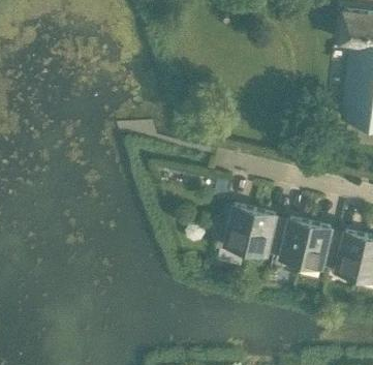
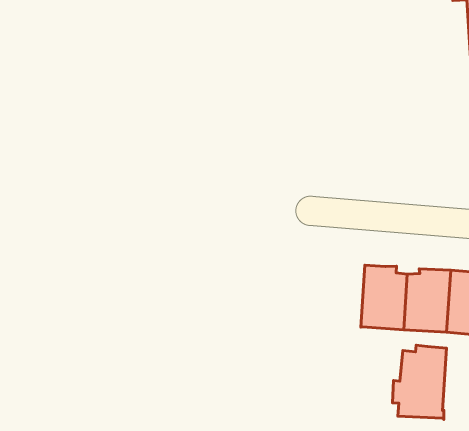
building: [222,209,263,261] -> [392,345,447,420]

